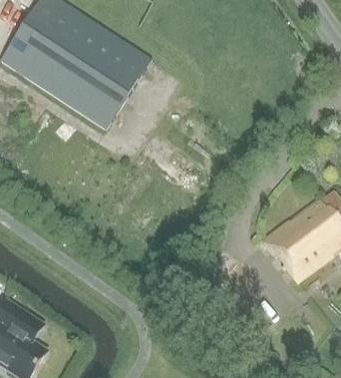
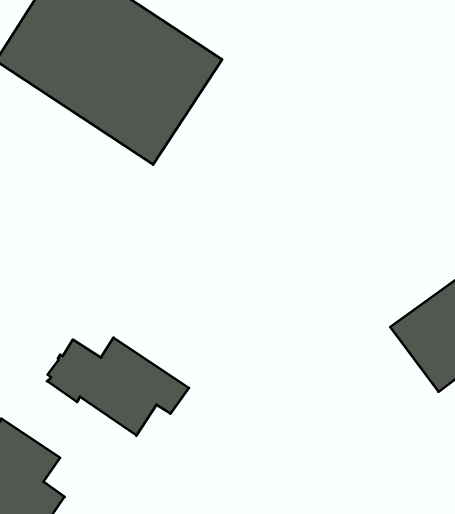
building: none -> [47,338,189,436]

